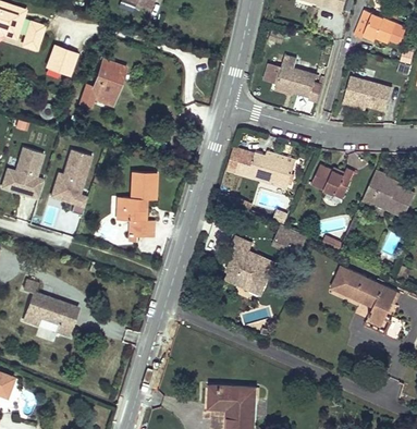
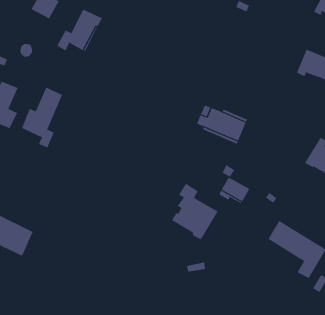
building: [275,57,322,102] -> none
building: [311,164,355,199] -> none
building: [118,172,157,237] -> none

